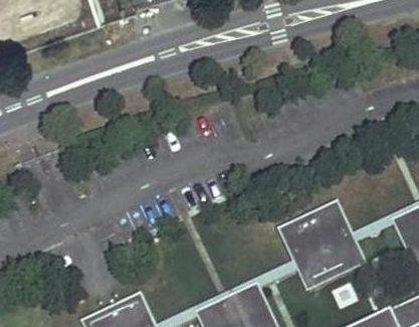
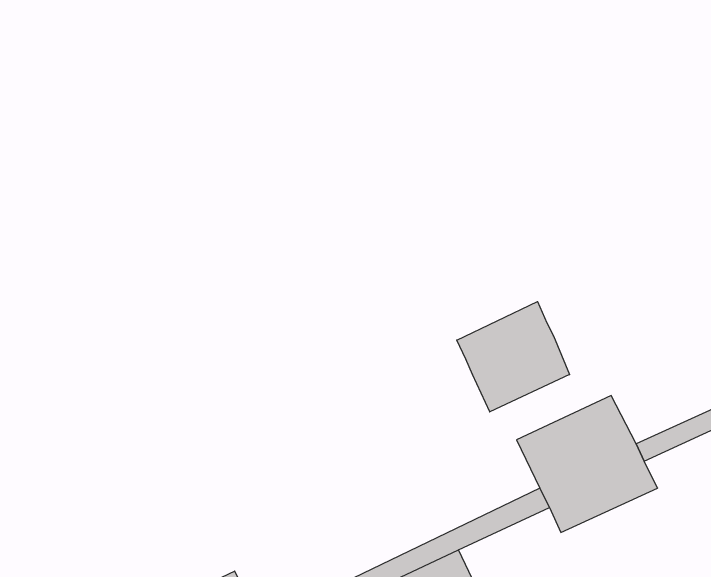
building: none -> [457,302,570,412]

